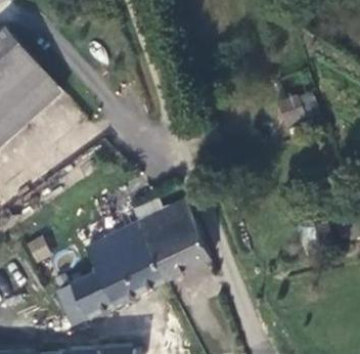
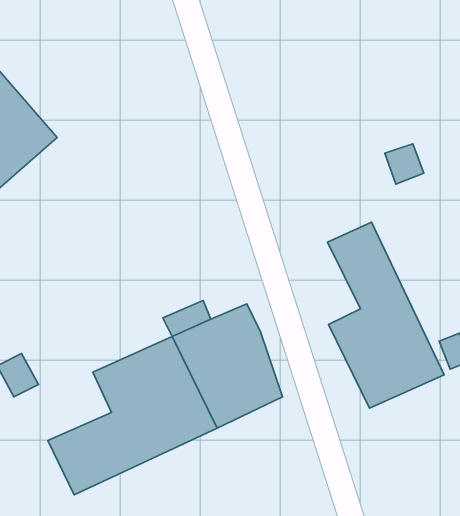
building: none -> [327,222,444,408]

